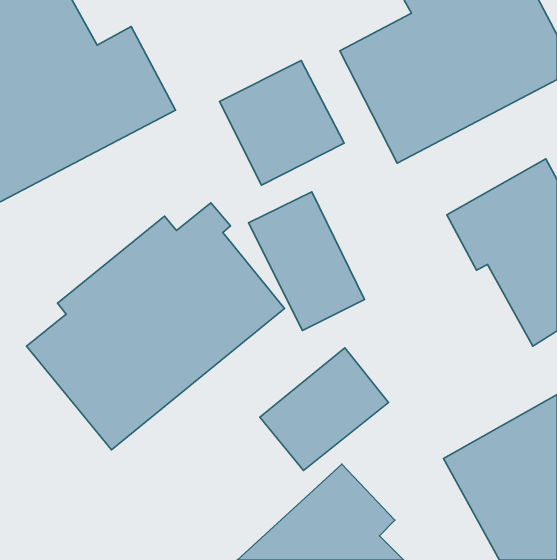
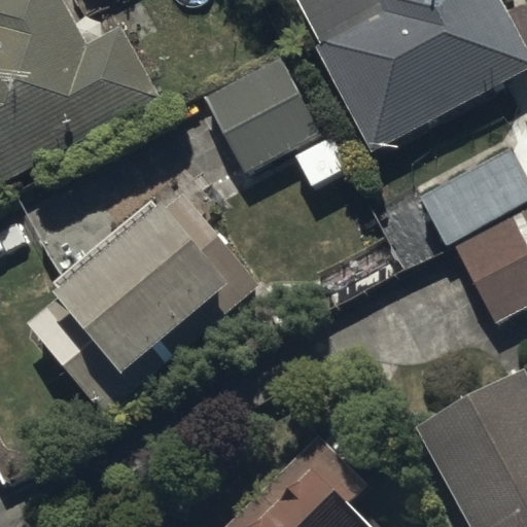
building: [249,192,365,331] -> none
building: [260,348,389,471] -> none

